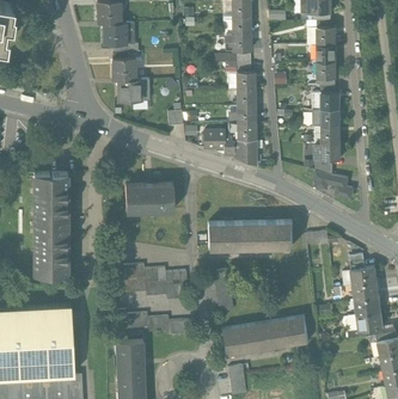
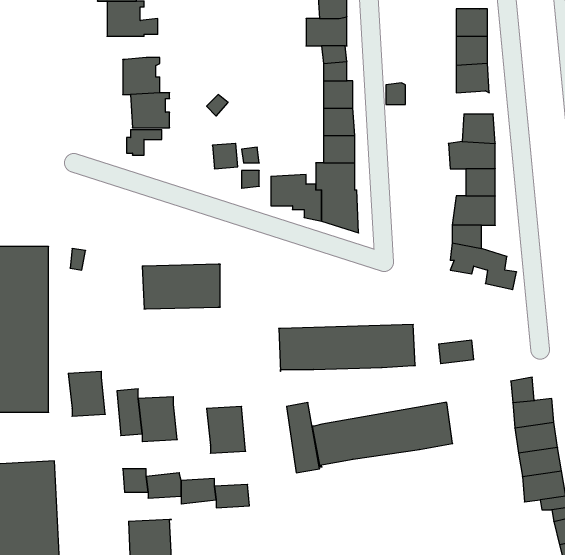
building: [143,269,166,296] -> [68,371,105,416]
building: [221,315,307,355] -> [312,403,453,467]

